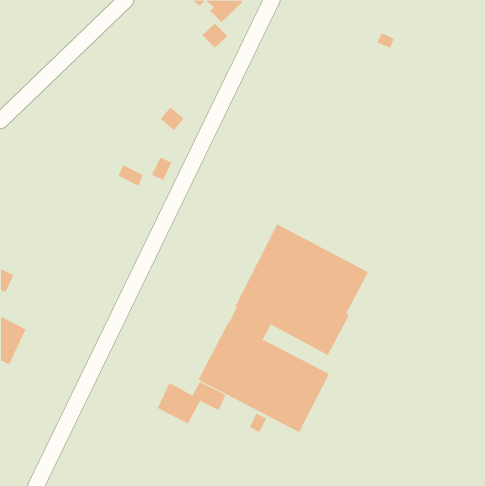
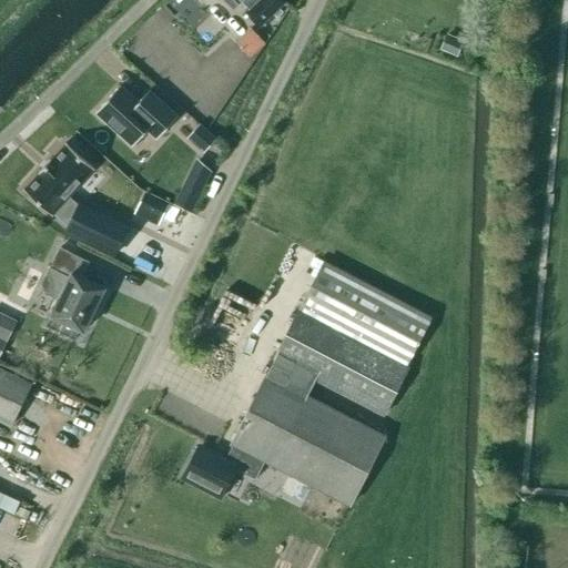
building: none -> [97,85,179,146]
building: none -> [23,142,129,255]
building: none -> [42,247,104,339]

